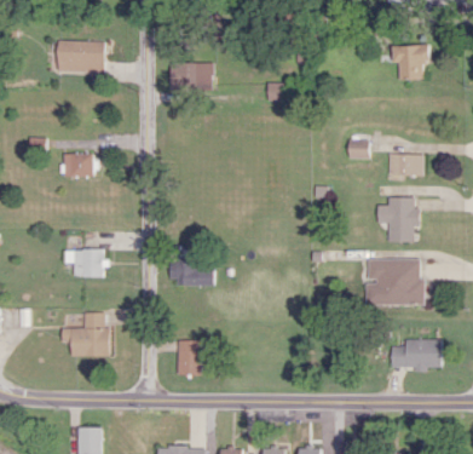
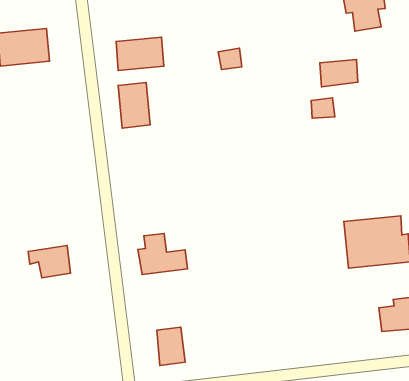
building: none -> [118,82,150,128]
building: [64,151,94,177] -> none
building: [388,153,425,176] -> [320,59,358,87]
building: [377,196,420,242] -> none
building: [60,312,109,356] -> none

